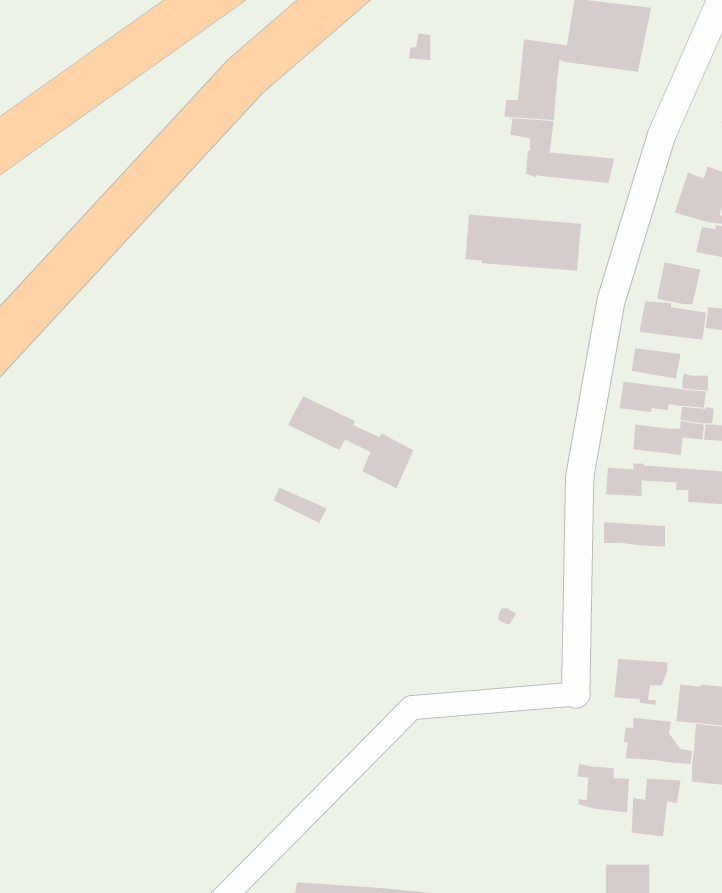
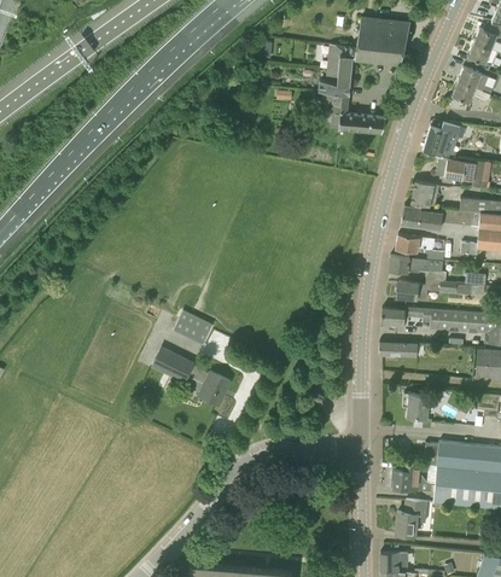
building: [465,214,582,271] -> none
building: [287,395,414,489] -> [152,348,231,406]
building: [614,658,668,705] -> [406,394,439,422]
building: [576,763,630,813] -> none

